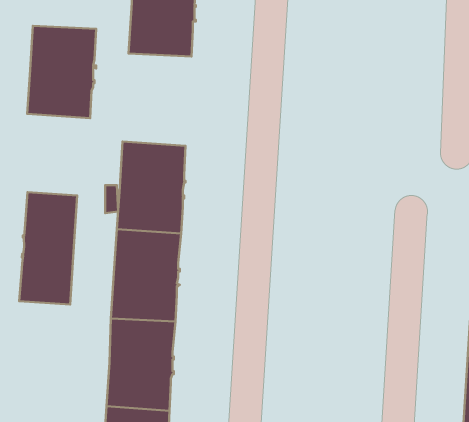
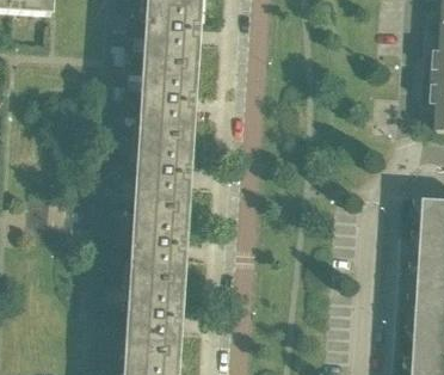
building: [27,26,96,118] -> [137,62,193,137]
building: [19,192,77,304] -> none

